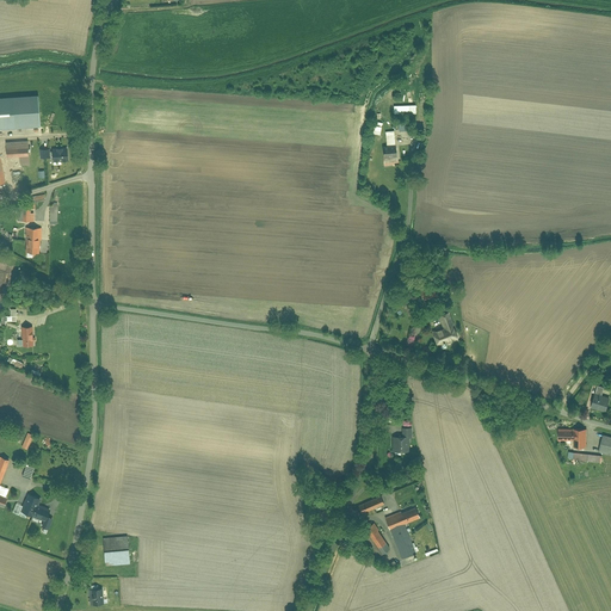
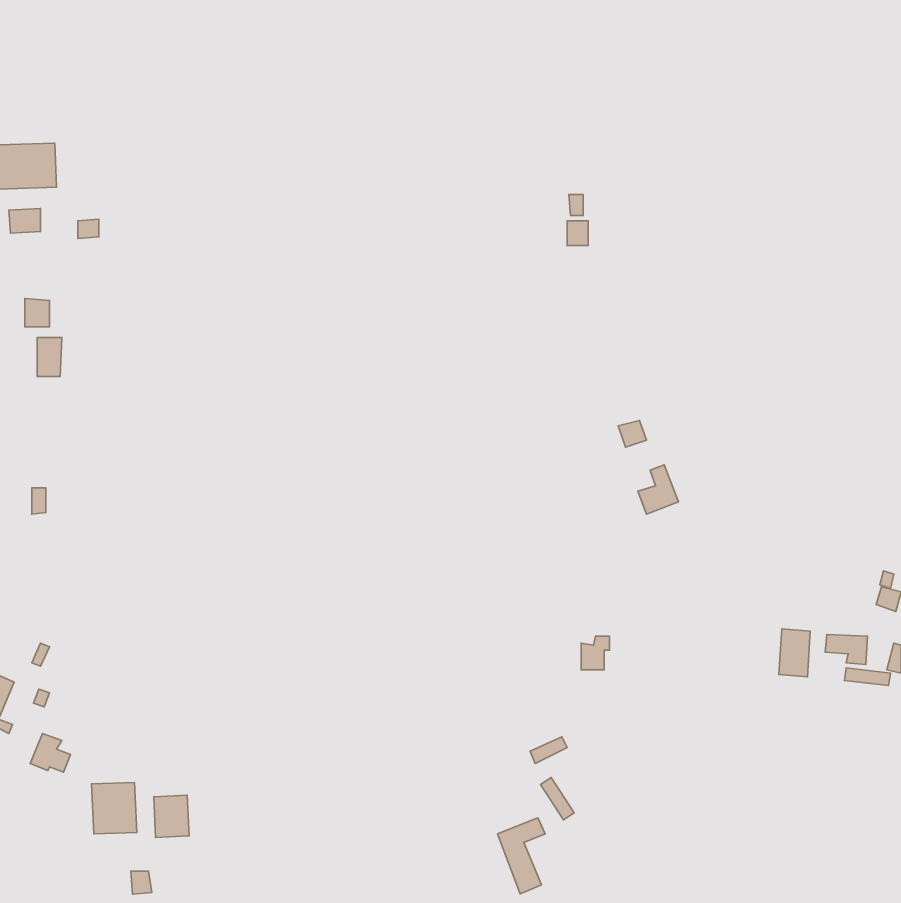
building: none -> [779,629,810,677]
building: [385,507,418,558] -> [497,818,545,894]
building: none -> [92,782,137,834]

